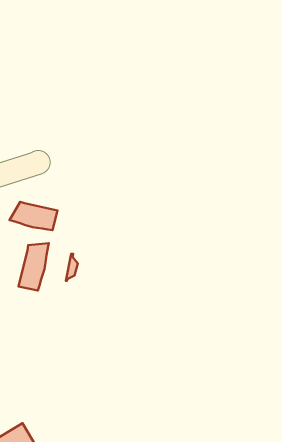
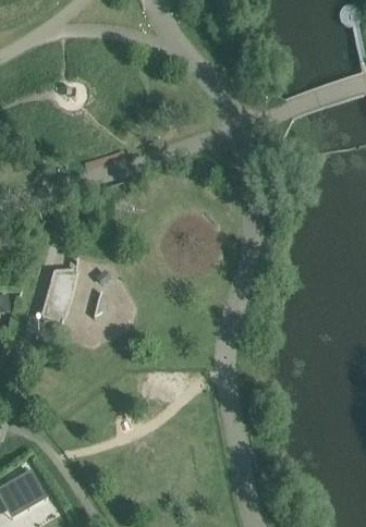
building: [10,202,58,230] -> none

